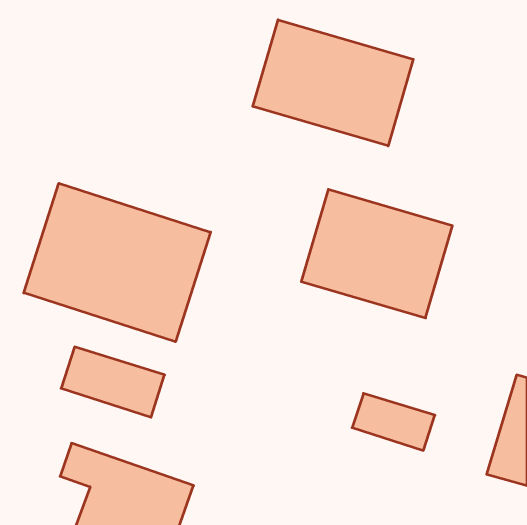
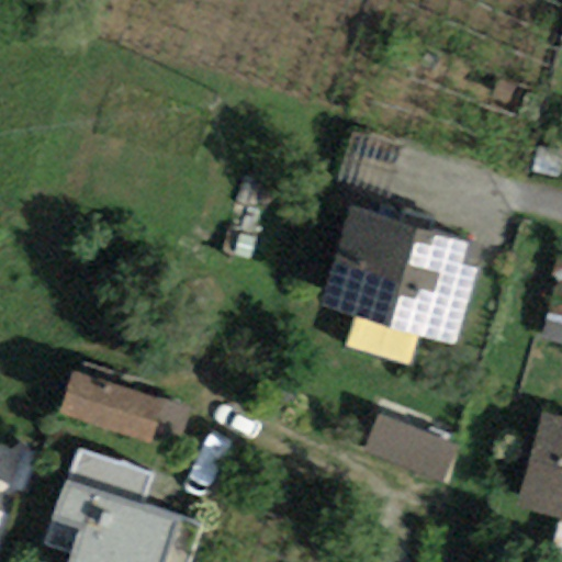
building: [253,20,413,146] -> none
building: [24,183,211,342] -> none

